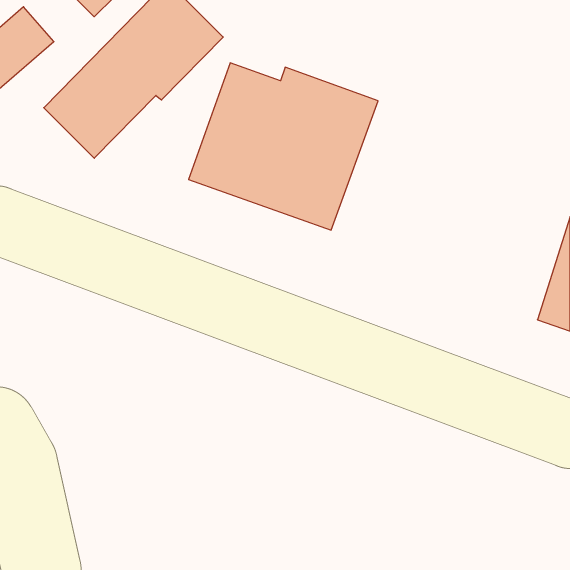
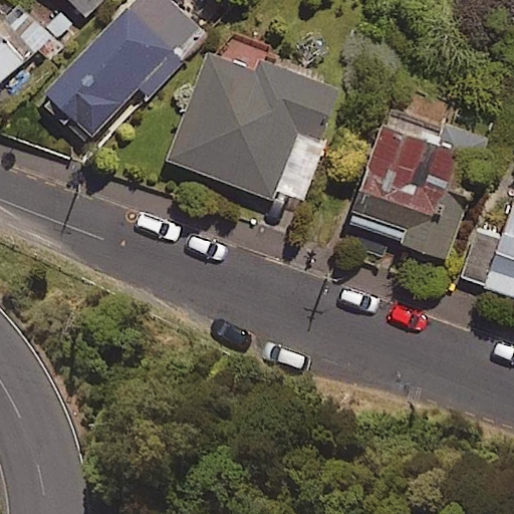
building: none -> [348,123,472,259]

